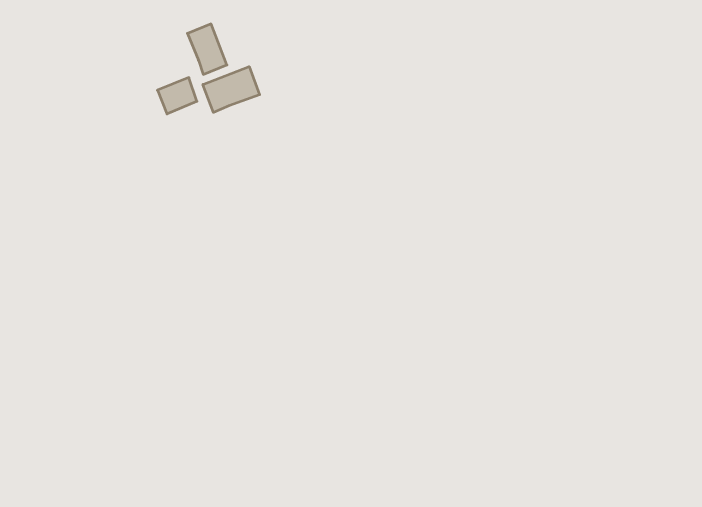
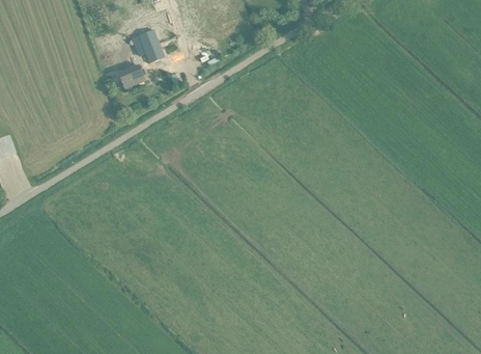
building: [203,67,260,112] -> none

